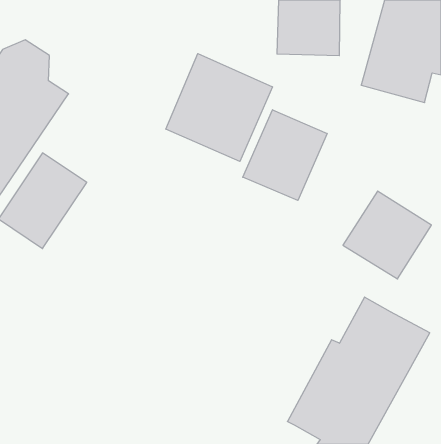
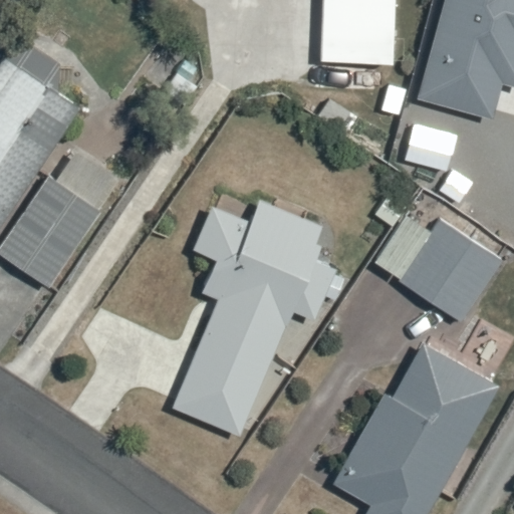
building: [166,54,272,161] -> none
building: [243,110,327,200] -> none
building: none -> [172,202,343,437]

